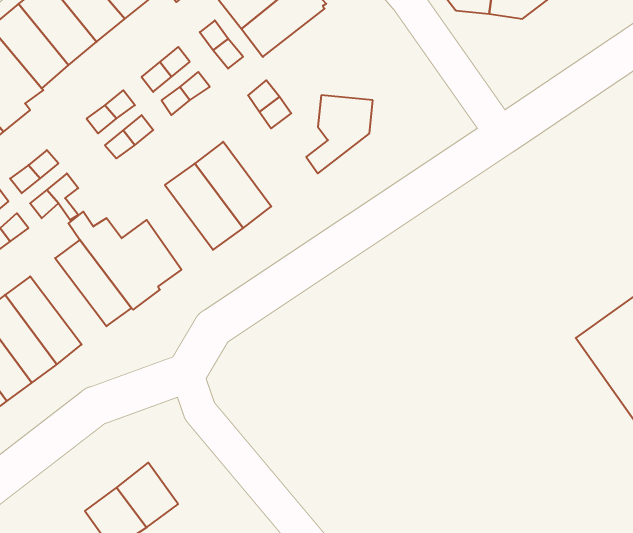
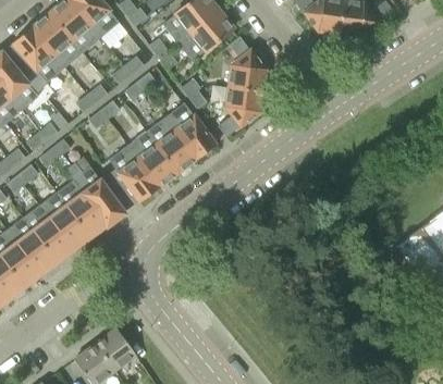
building: none -> [230,37,266,90]
building: none -> [165,103,217,160]
building: none -> [108,146,159,202]
building: none -> [39,194,89,250]

